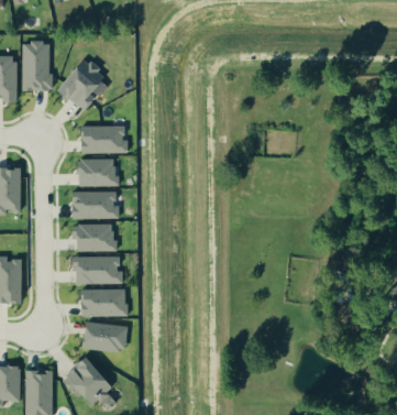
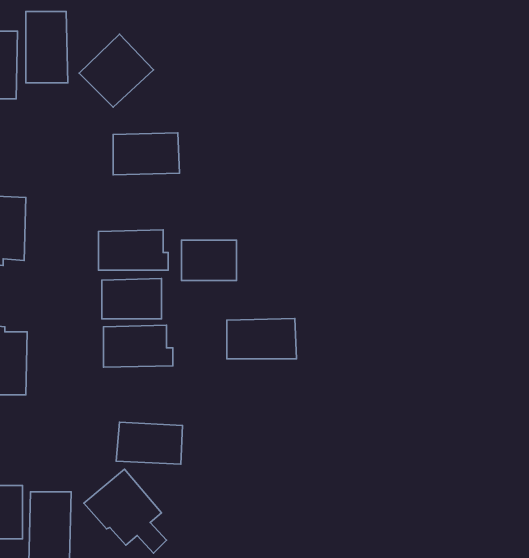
building: [78,159,115,186] -> [182,240,237,281]
building: [79,288,126,316] -> [227,318,297,359]

